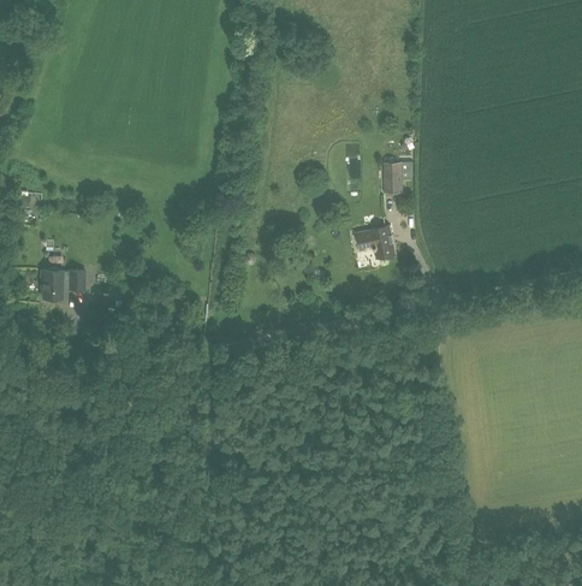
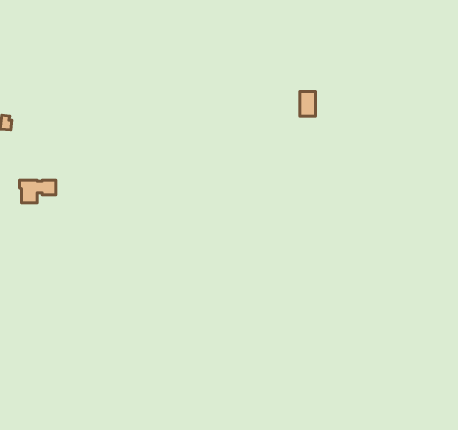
building: [355,219,396,261] -> none

